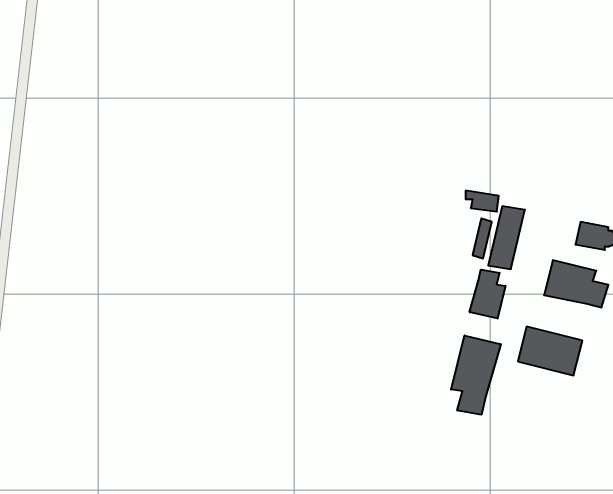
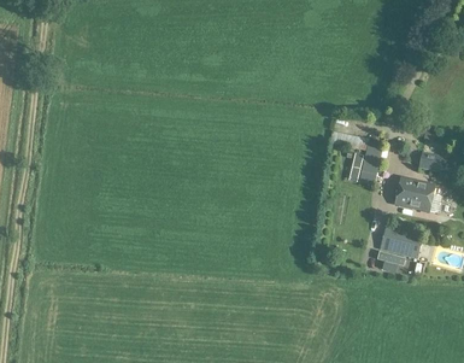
building: [470,270,505,319] -> none
building: [451,335,501,415] -> none

